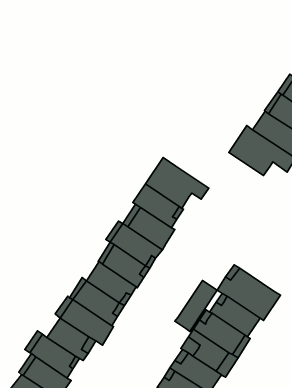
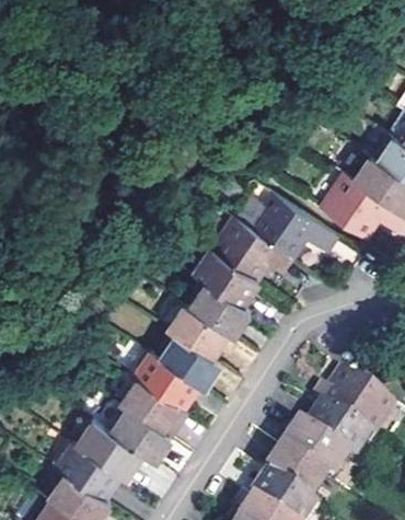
building: none -> [253,194,340,259]
building: [175,280,217,332] -> none

